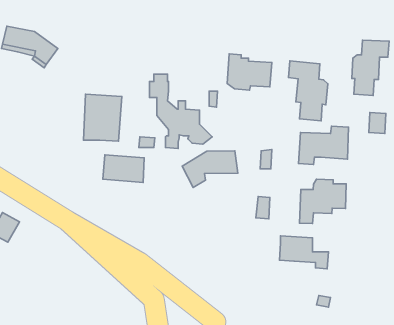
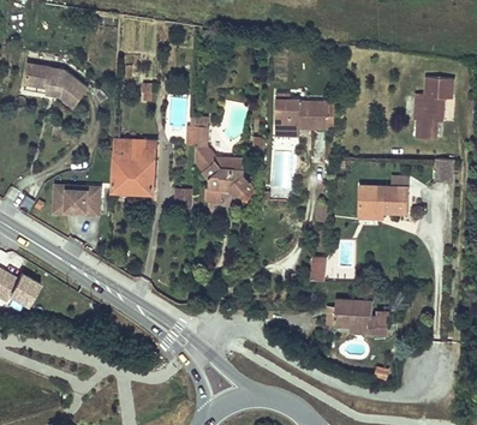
building: [289,61,328,121] -> none
building: [182,151,238,188] -> none
building: [103,155,144,182] -> [53,185,100,216]
building: [299,179,346,223] -> none

